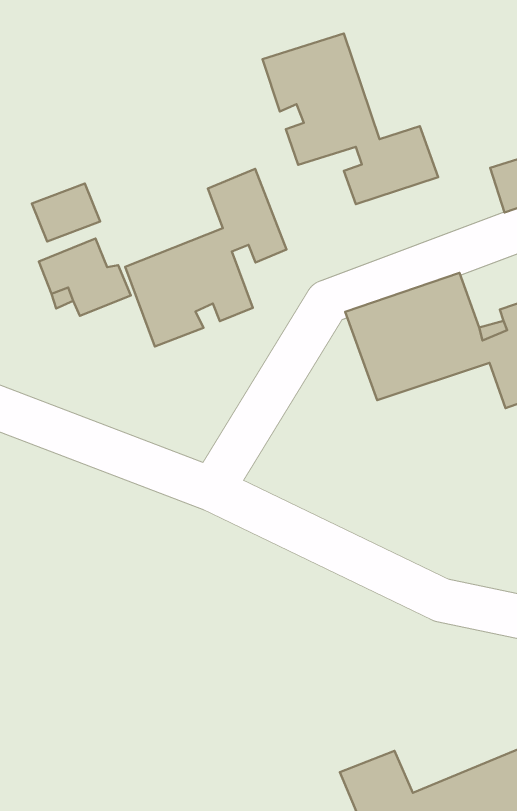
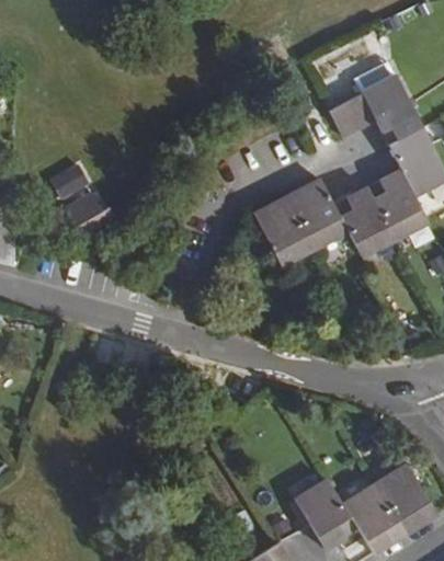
building: [263,33,438,204] -> none
building: [125,169,286,347] -> none

